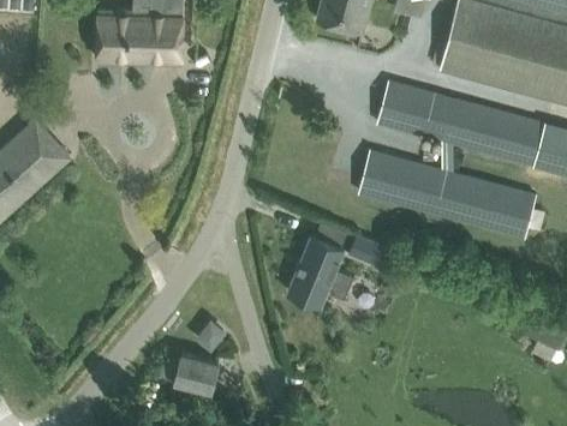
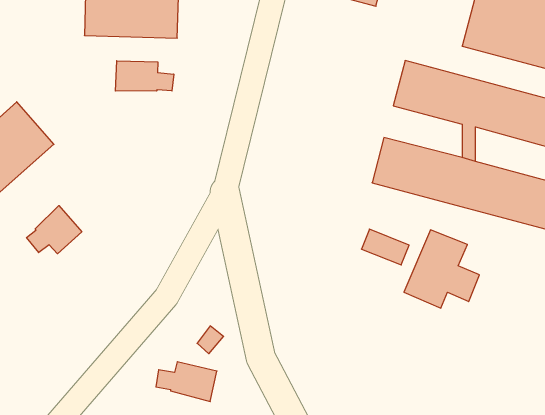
building: none -> [115,61,174,91]
building: none -> [27,206,82,254]
building: [287,236,356,307] -> [404,230,479,308]

